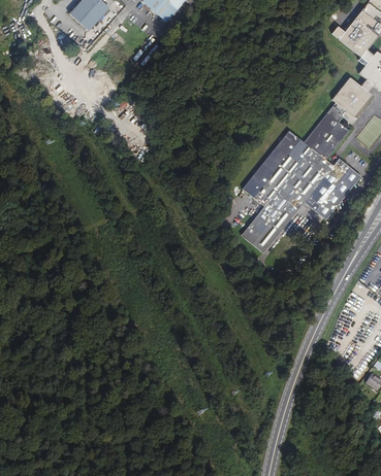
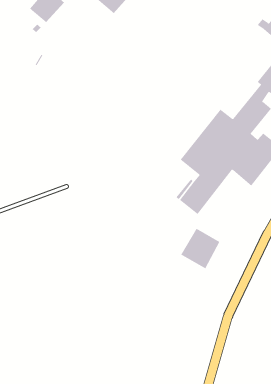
building: none -> [181,228,220,269]

